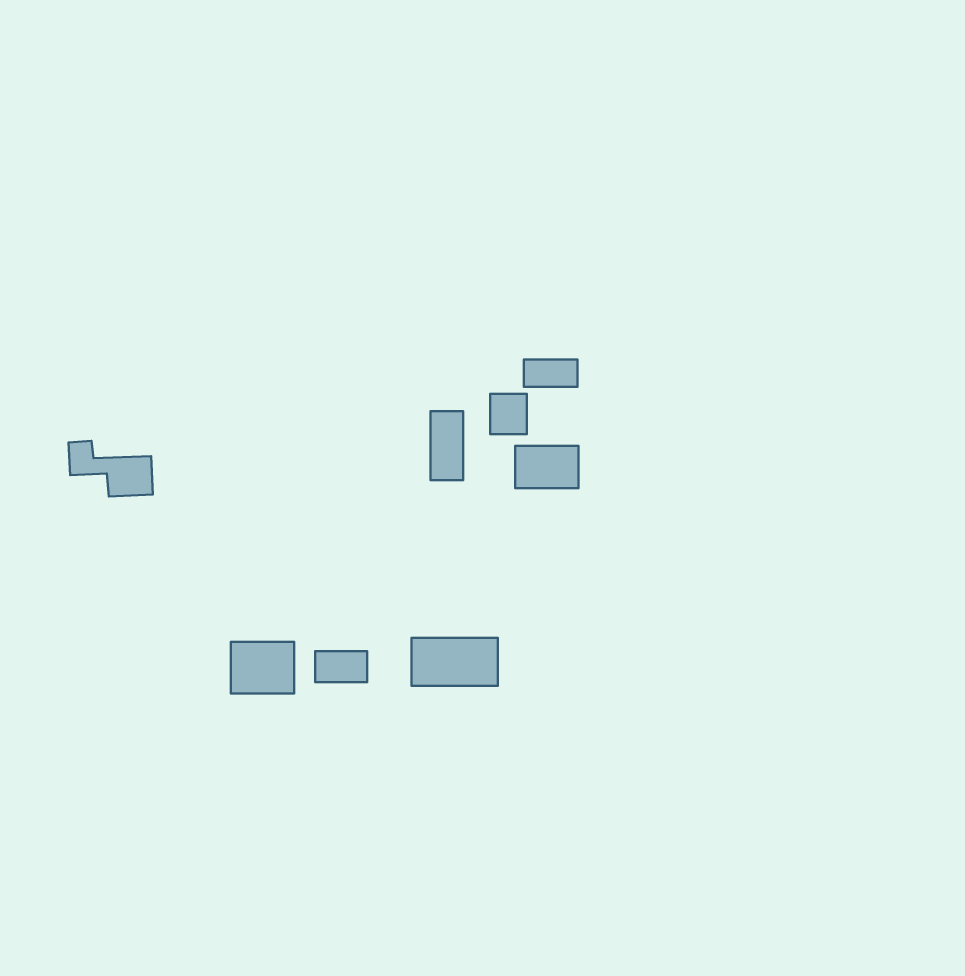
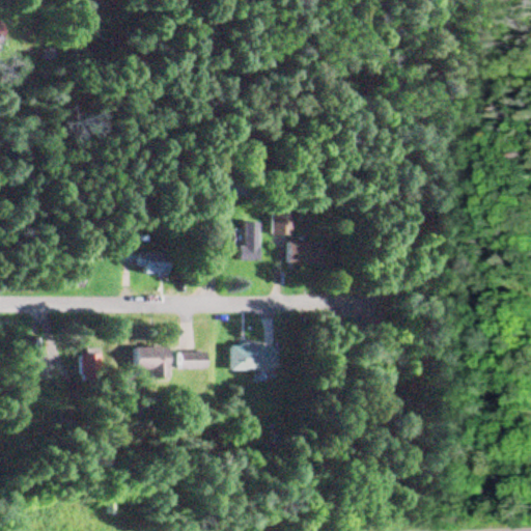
building: [524,360,578,387] -> none
building: [68,441,153,496] -> [122,243,168,273]
building: none -> [82,352,102,379]

